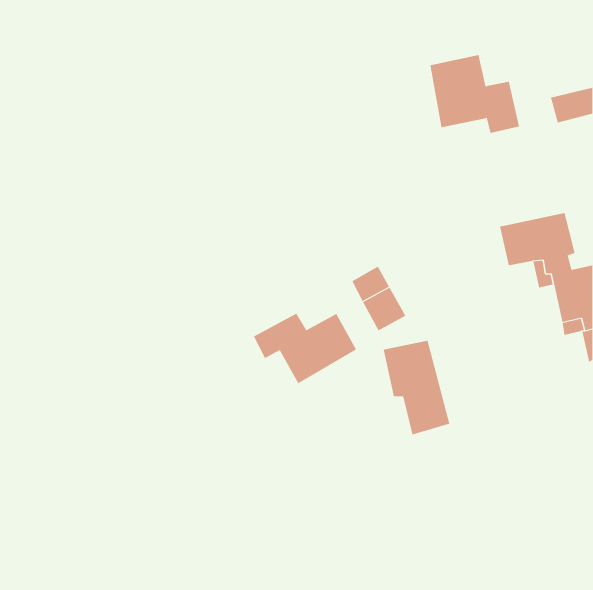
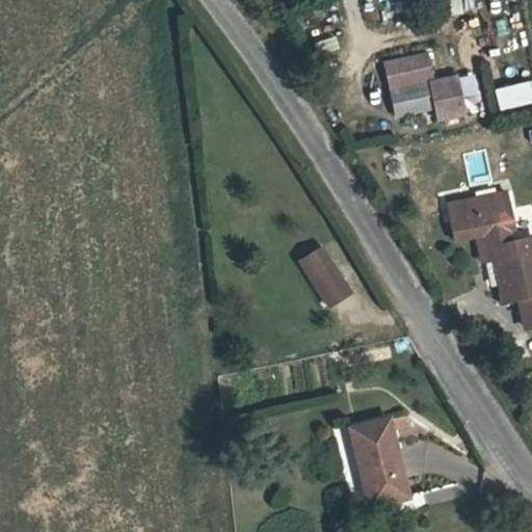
building: [253,313,357,384] -> none
building: [383,340,450,435] -> [348,415,408,500]

